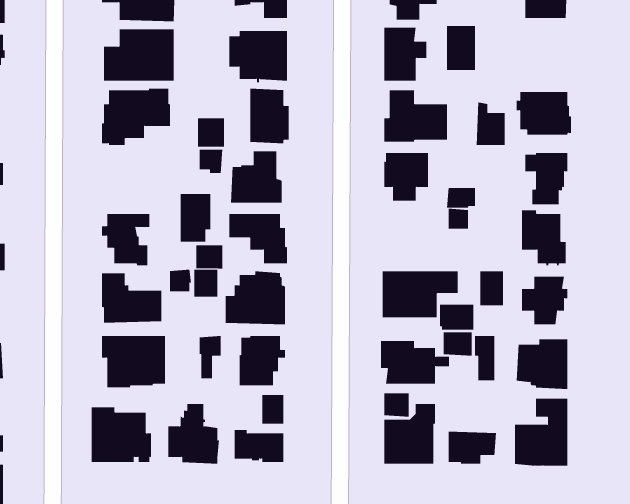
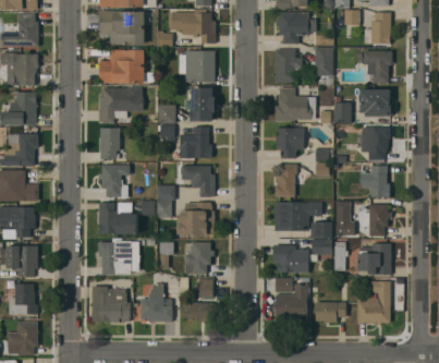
building: none -> [363,51,391,84]
building: [180,193,211,242] -> [99,129,119,159]
building: none -> [273,164,296,197]

